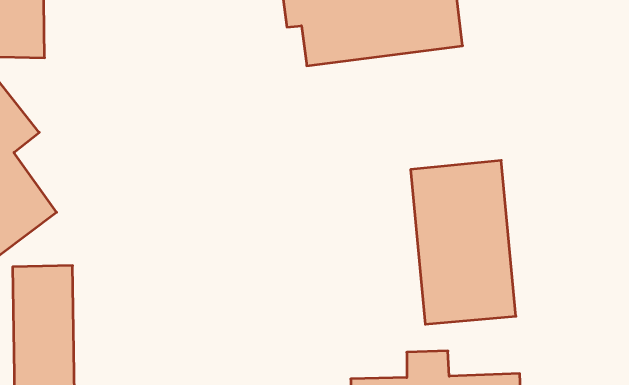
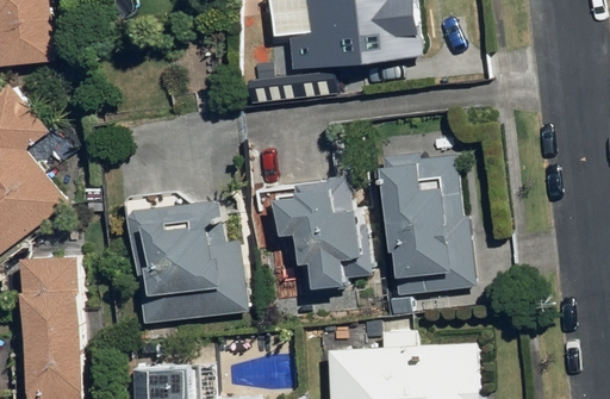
building: none -> [275,174,360,287]
building: none -> [129,199,238,326]

